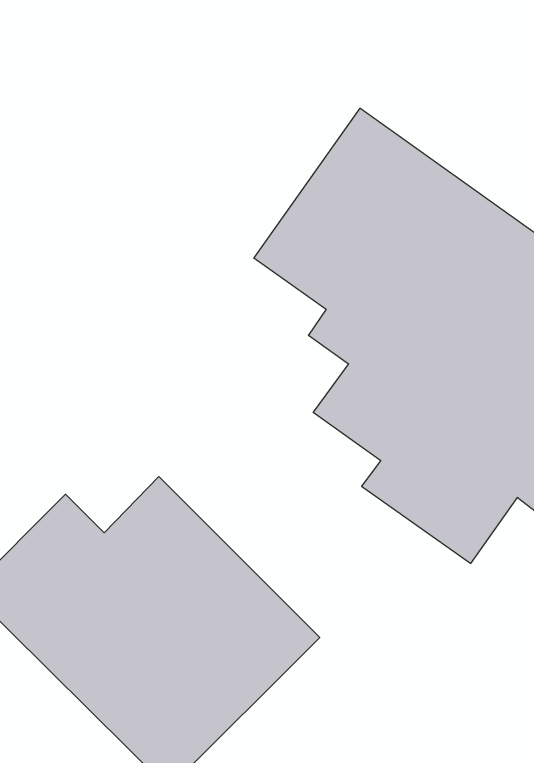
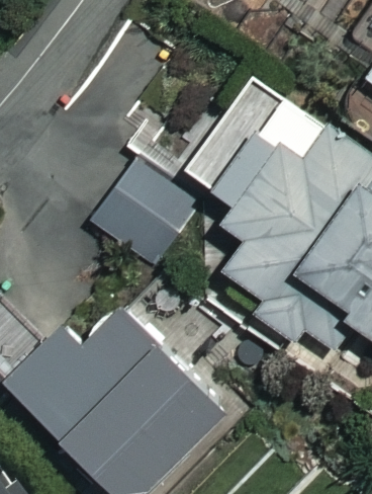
building: none -> [91,162,195,265]

